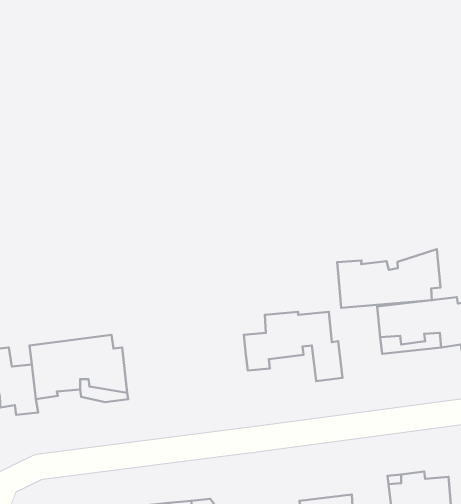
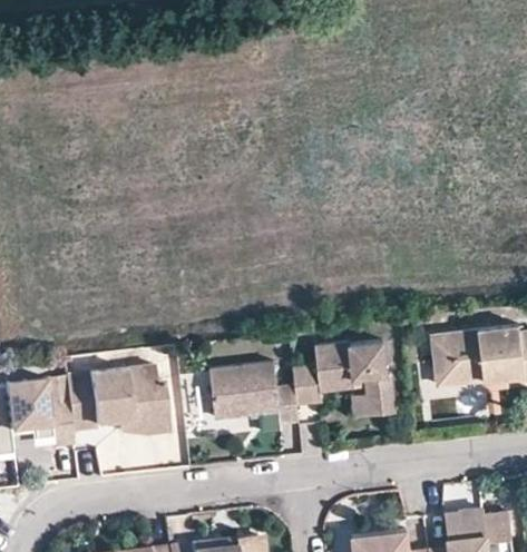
building: [337,249,441,308] -> none
building: none -> [211,362,297,432]

